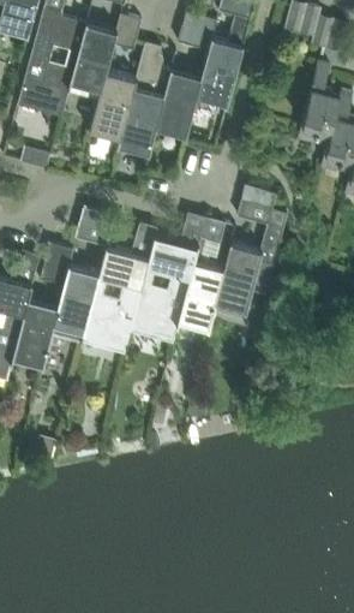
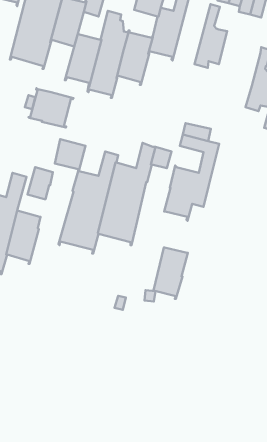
building: [298,63,340,144] -> [195,4,227,68]
building: none -> [28,88,73,128]
building: [180,263,224,329] -> [153,247,188,299]
building: [54,267,100,331] -> none

